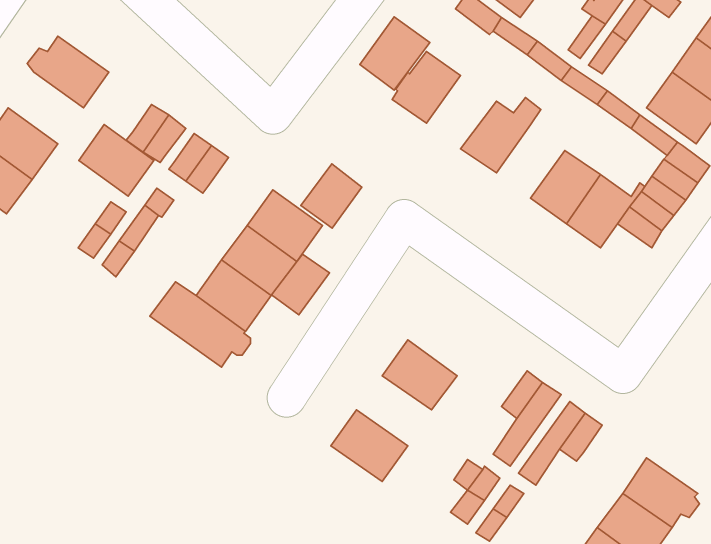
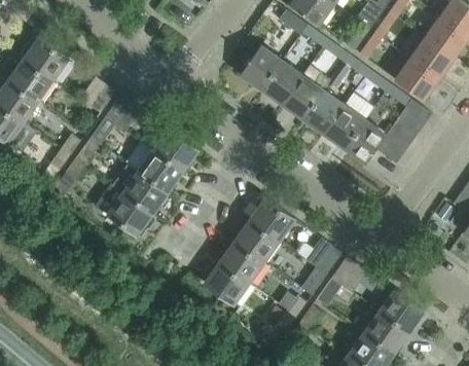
building: [360,17,430,90] -> [261,60,303,104]
building: [79,125,154,196] -> [9,58,55,101]
building: none -> [303,89,351,134]
building: [301,164,362,228] -> none
building: [272,254,329,315] -> none
building: none -> [250,197,295,241]
building: none -> [219,241,264,283]

